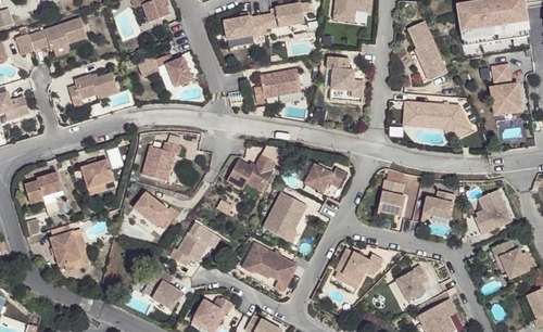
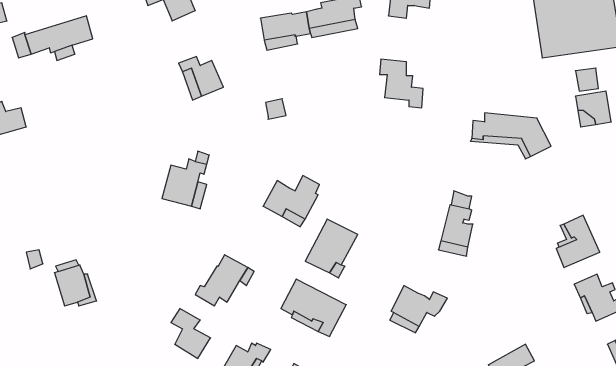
building: [408,20,447,79] -> none
building: [254,68,302,103] -> none
building: [65,69,116,103] -> none
building: [80,158,114,192] -> none
building: [304,163,346,191] -> none
building: [25,171,63,215] -> none
building: [422,189,455,218] -> none
building: [131,192,176,227] -> none
building: [396,265,428,301] -> none

